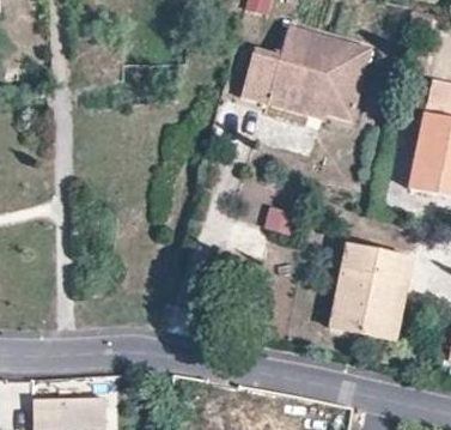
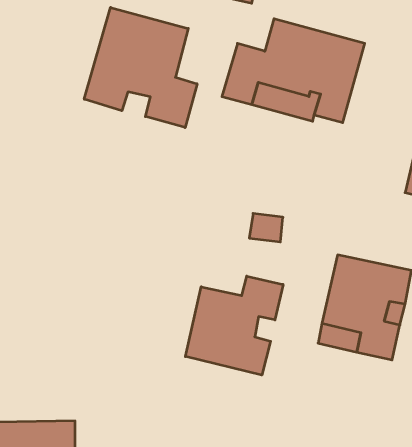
building: none -> [84,7,197,128]
building: none -> [185,276,283,375]

